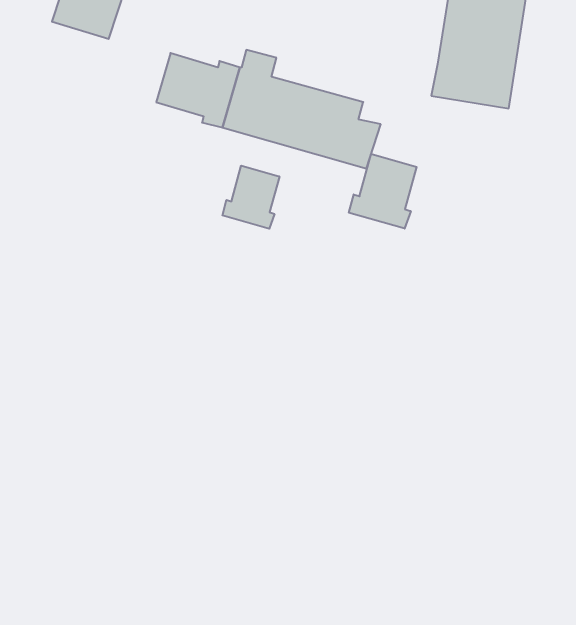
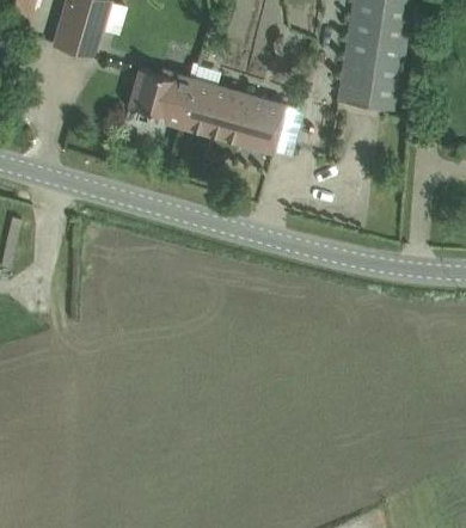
building: [349,154,417,229] -> none
building: [222,166,279,229] -> none

